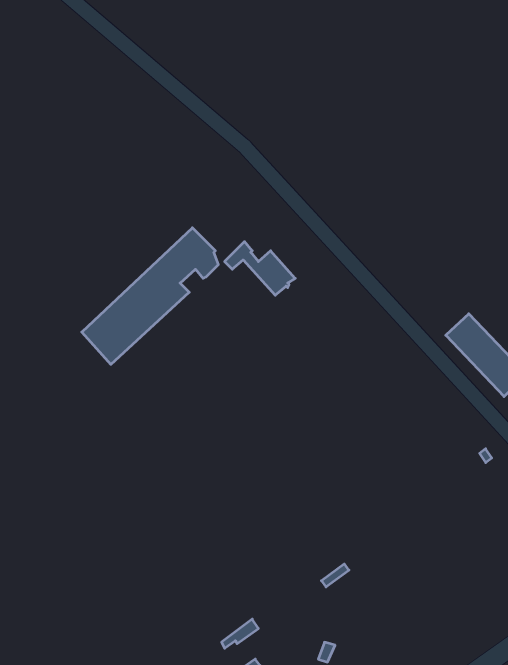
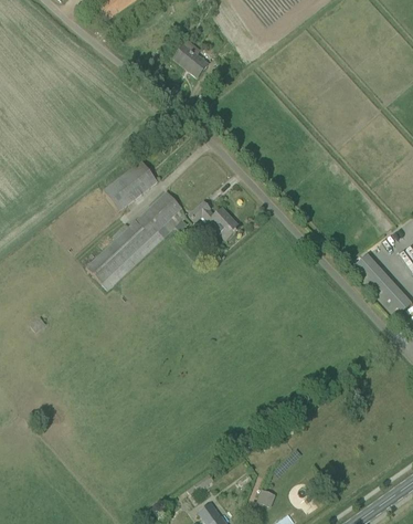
building: none -> [173,40,209,76]
building: none -> [103,159,158,208]

